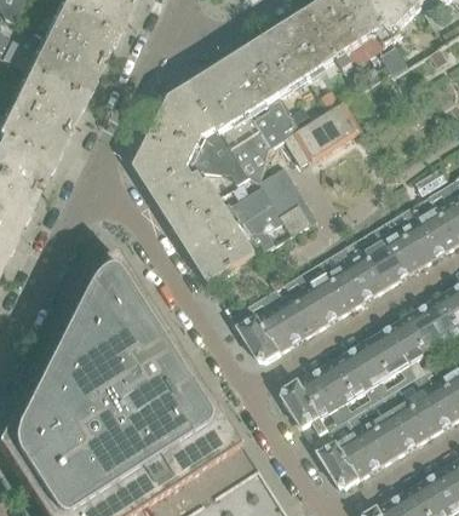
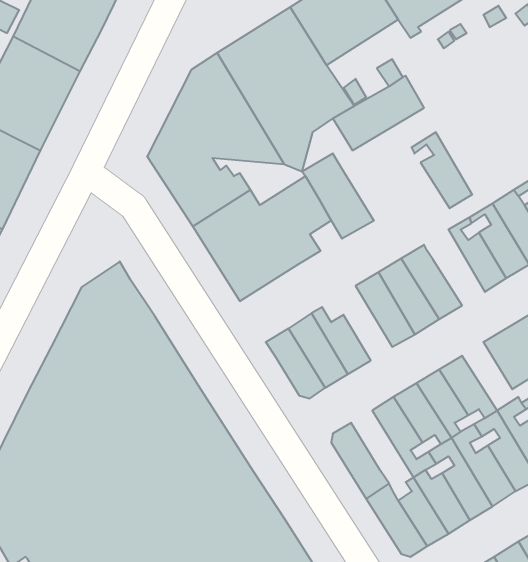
building: [357,227,406,287] -> [411,132,472,208]
building: [285,271,332,331] -> none
building: [388,316,432,371] -> none
building: [299,371,349,434] -> none

